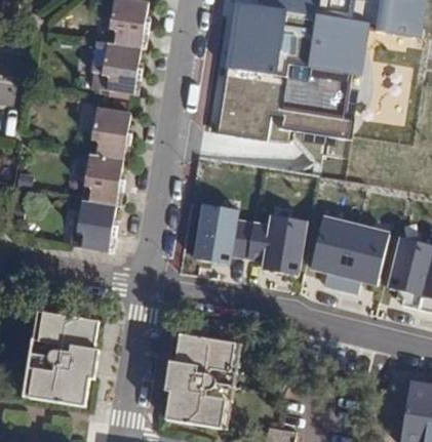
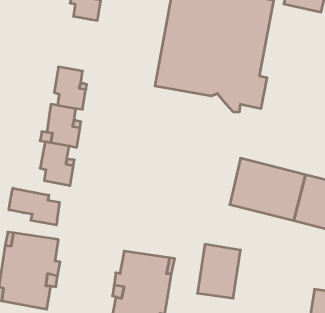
building: [89,41,142,95] -> none
building: [191,205,247,274] -> none
building: [261,213,314,280] -> [197,244,241,298]
building: none -> [9,188,60,225]

